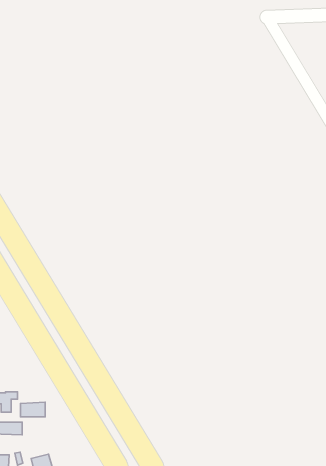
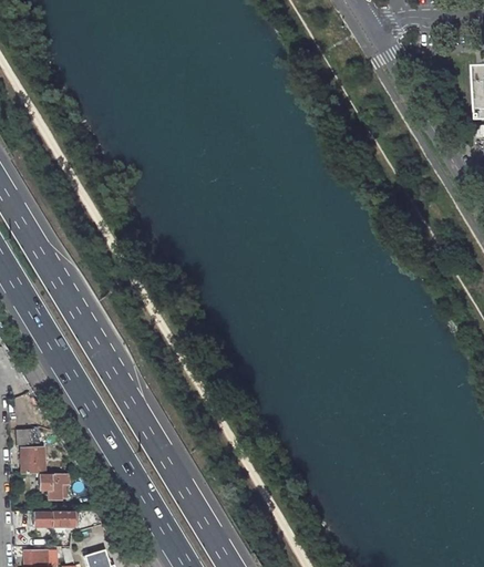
building: [20,402,45,417] -> none

